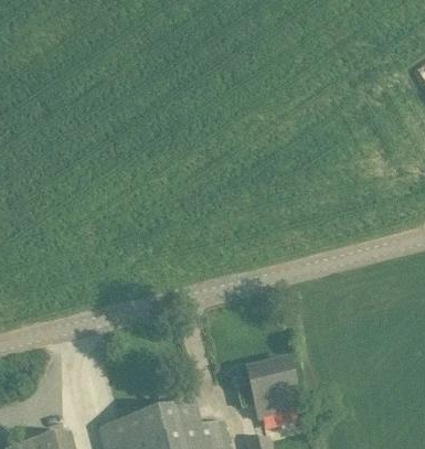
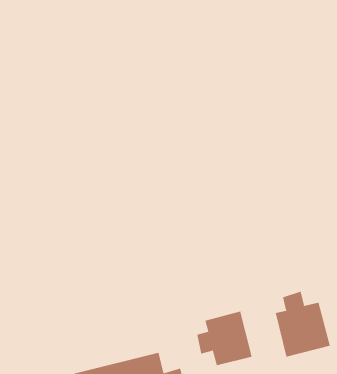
building: none -> [275,291,330,357]

